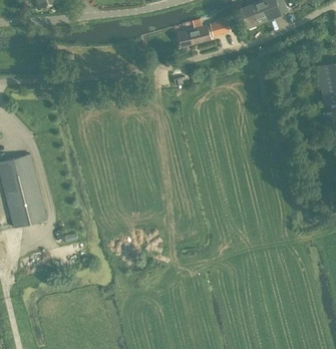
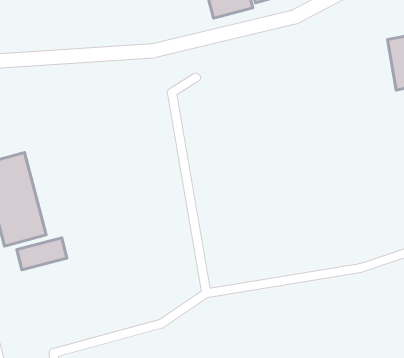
building: none -> [17,238,67,270]

